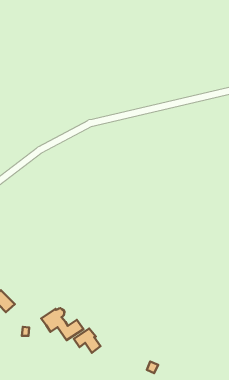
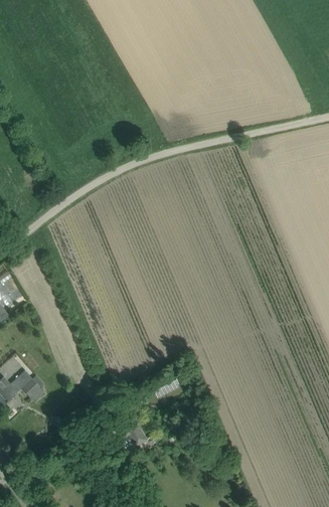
building: [41,308,83,340] -> none

